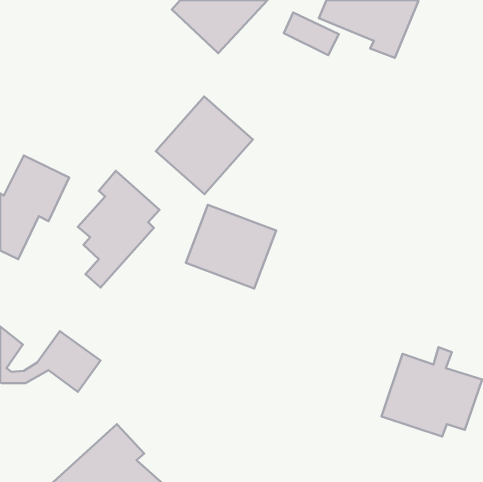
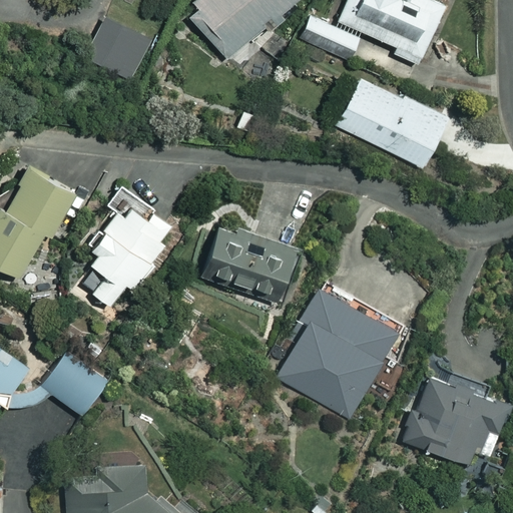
building: none -> [86,16,151,81]
building: none -> [335,74,447,166]
building: [156,96,253,194] -> none
building: none -> [277,290,396,417]

